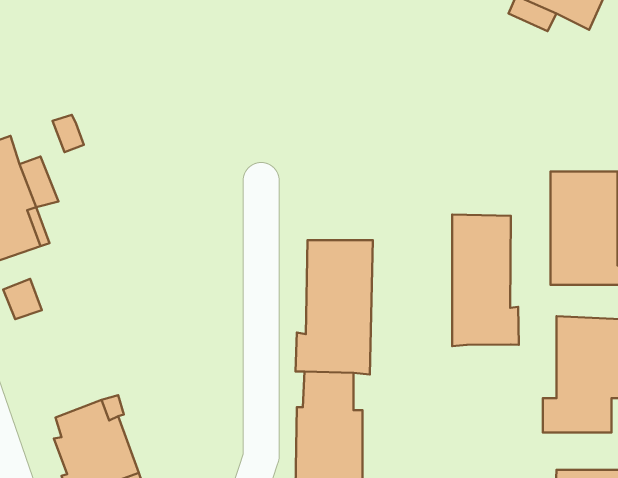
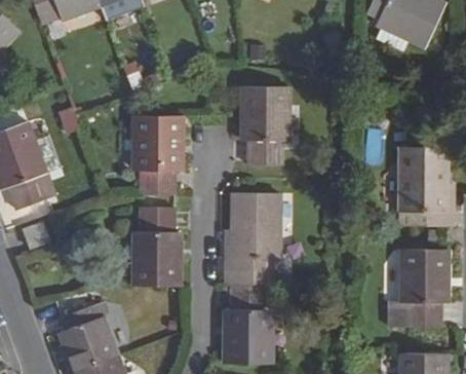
building: none -> [242,84,288,164]
building: none -> [133,115,180,194]
building: [452,215,519,346] -> none
building: none -> [132,208,179,285]

